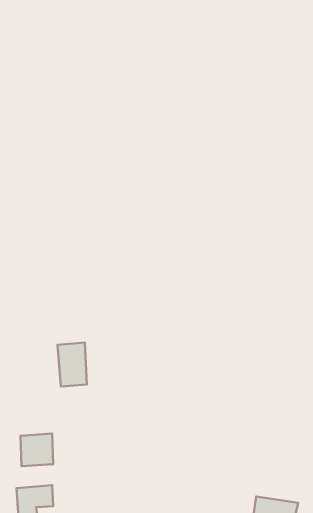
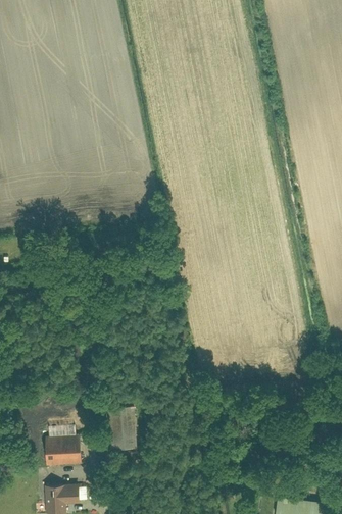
building: [58,343,87,387] -> [107,404,136,447]

